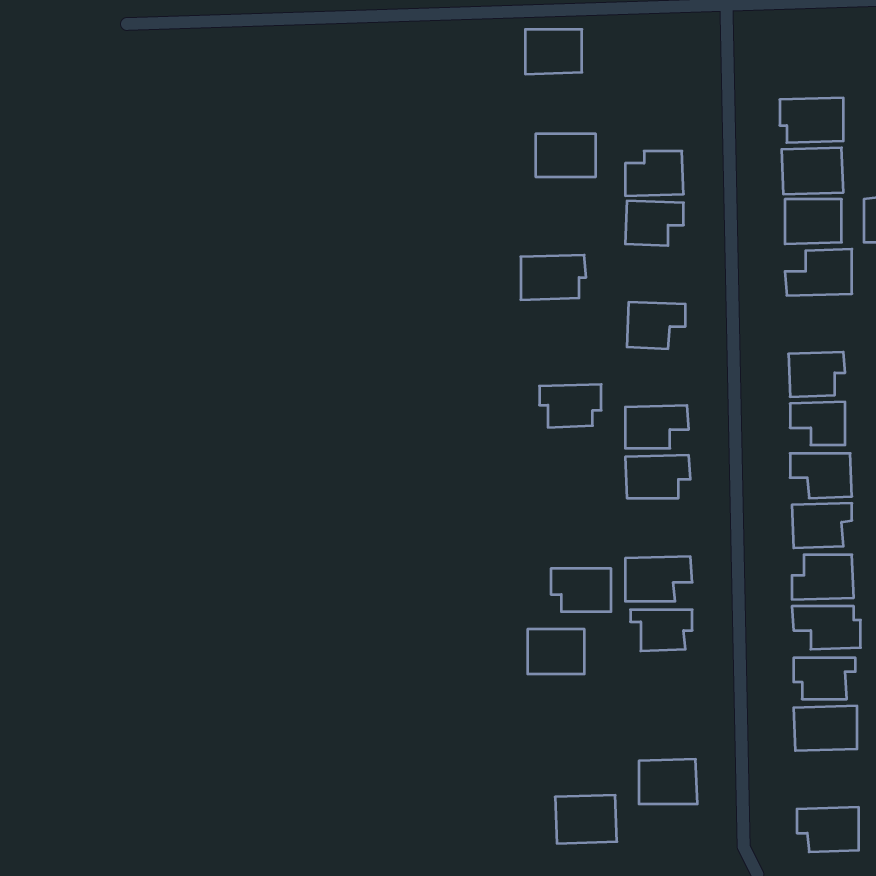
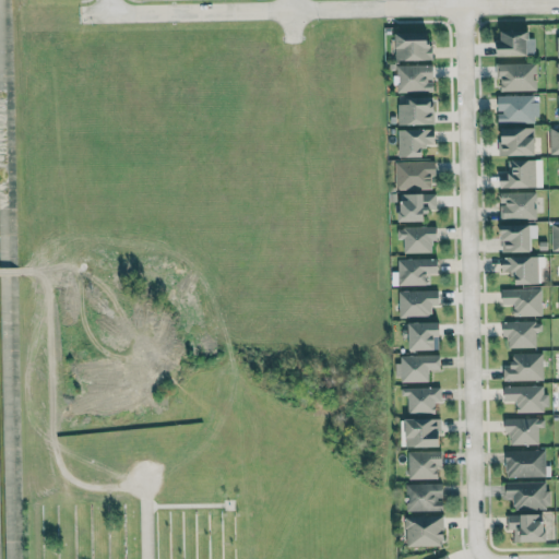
building: [525,29,582,74] -> [396,33,432,61]
building: none -> [497,31,528,56]
building: [536,134,596,177] -> [396,66,435,93]
building: [521,255,586,300] -> [396,162,438,190]
building: none -> [500,192,537,221]
building: [539,384,601,427] -> [399,227,438,254]
building: [551,569,611,612] -> [403,323,441,350]
building: [528,629,584,674] -> [406,419,442,448]
building: none -> [408,452,443,480]
building: none -> [507,483,551,509]
building: [555,795,617,843] -> [406,516,445,547]

